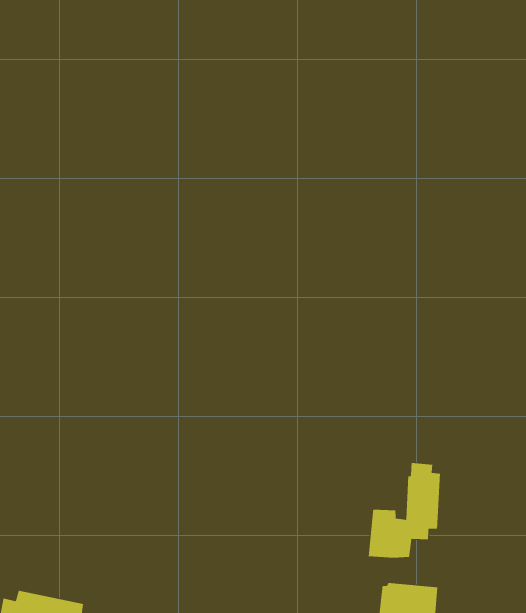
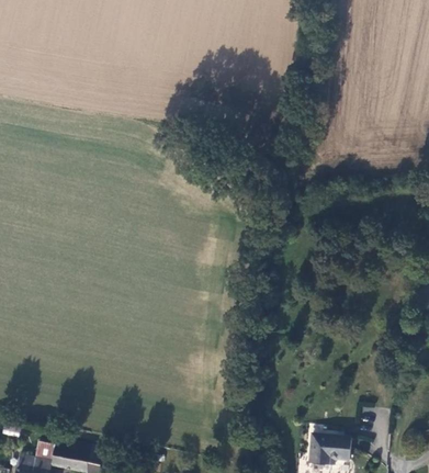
building: [368,462,440,558] -> none

